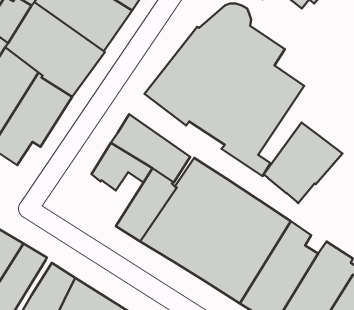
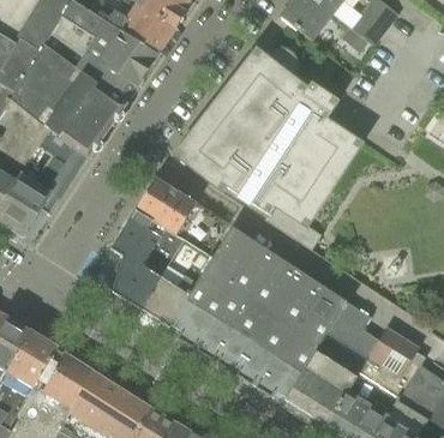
building: [264,123,342,203] -> none
building: none -> [112,245,172,308]

